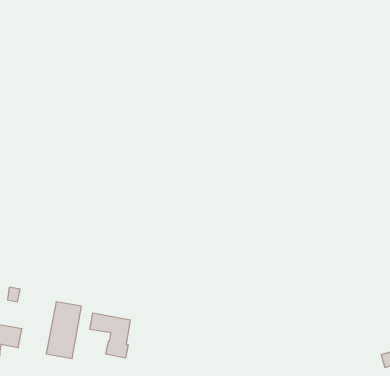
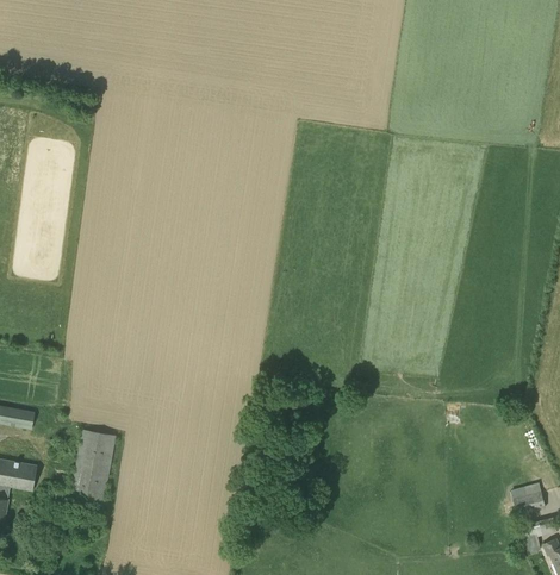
building: [90,313,130,358] -> none

